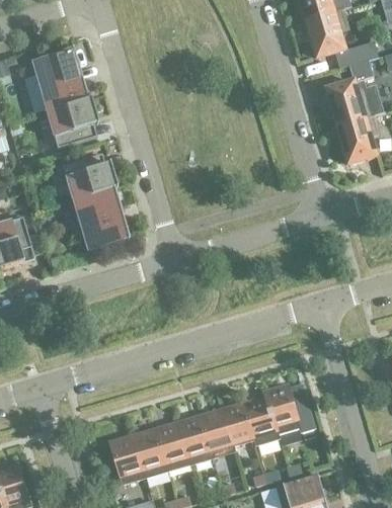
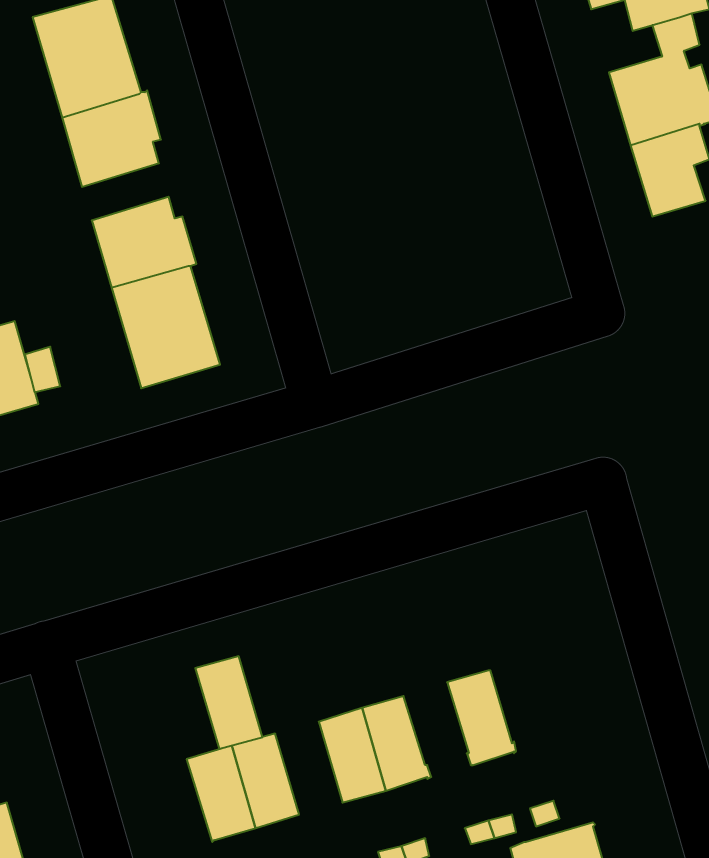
building: [263,384,314,433] -> none
building: [221,402,254,444] -> none
building: [155,422,189,470] -> [195,656,262,749]

